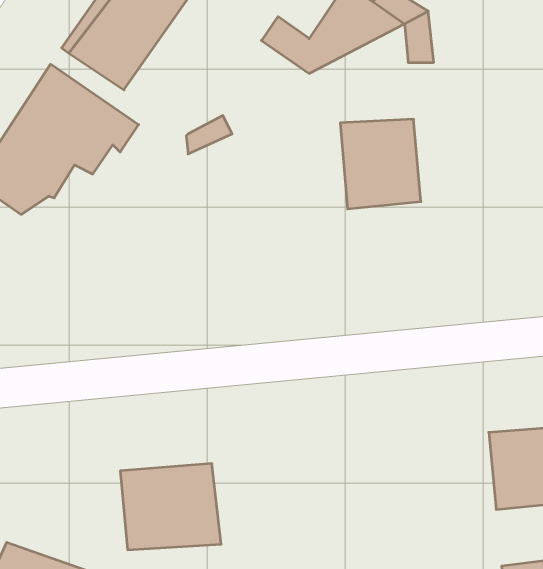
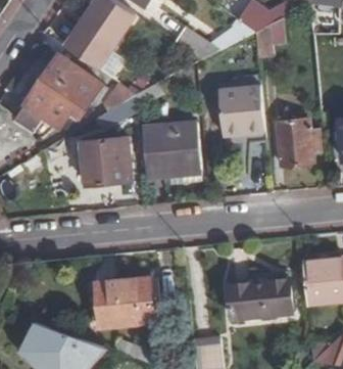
building: none -> [277,121,309,166]
building: none -> [143,125,198,177]
building: none -> [81,137,130,184]
building: none -> [230,278,292,317]

